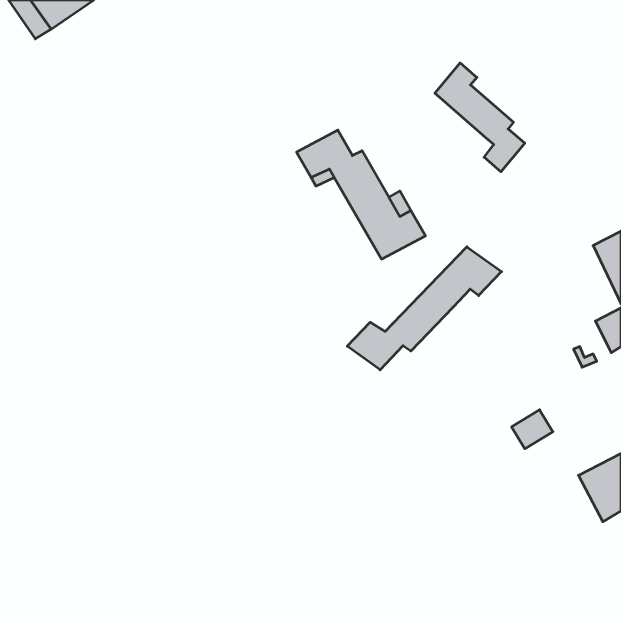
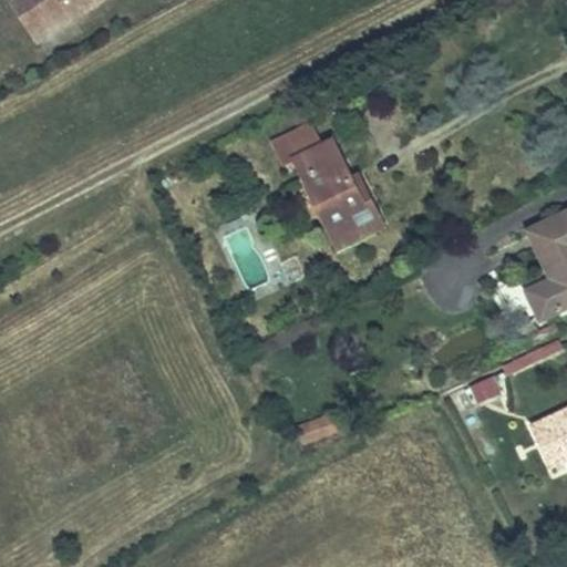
building: [435,63,525,172] -> none
building: [347,247,502,370] -> none

